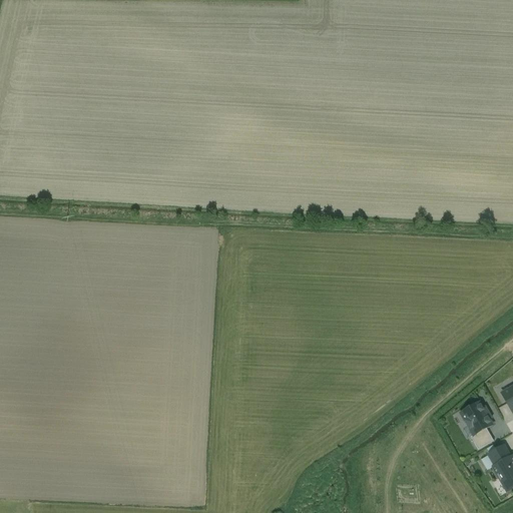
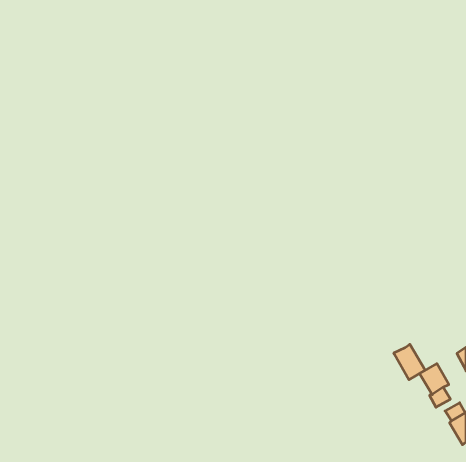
building: none -> [394,344,425,380]

